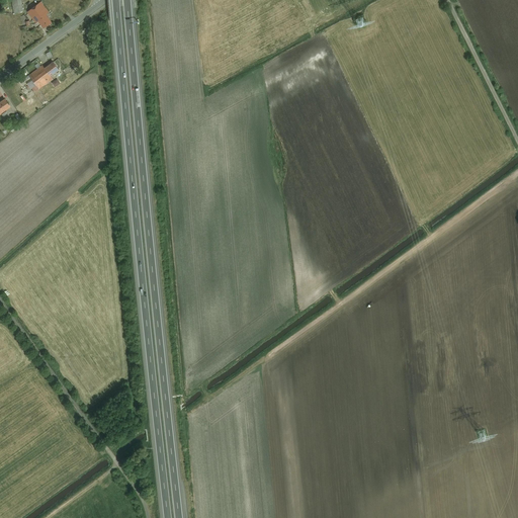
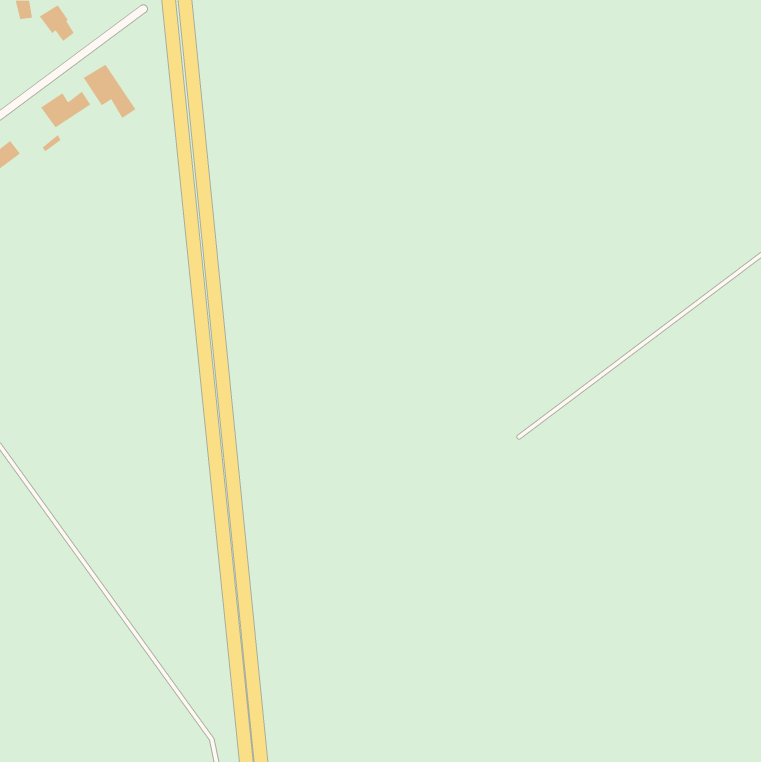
building: none -> [83,64,136,119]

